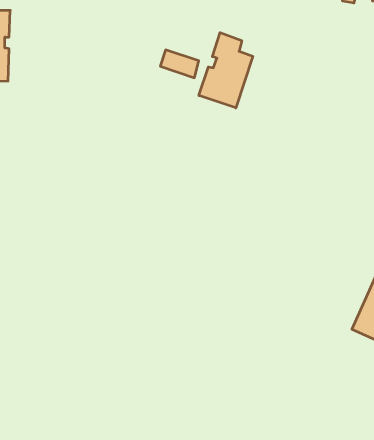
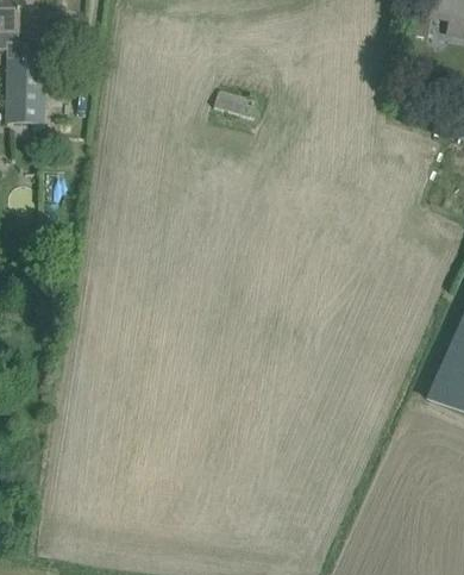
building: [199,33,253,108] -> none

